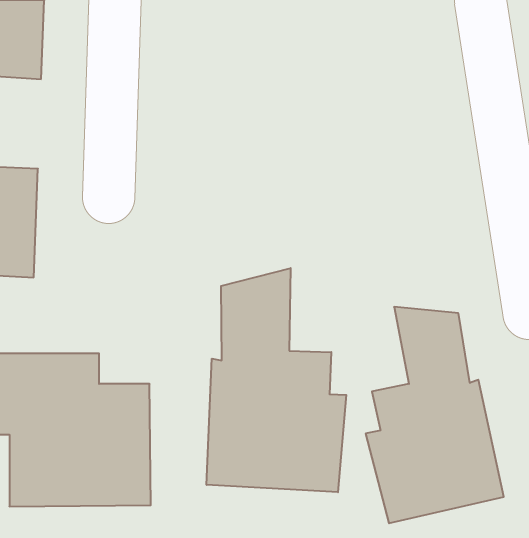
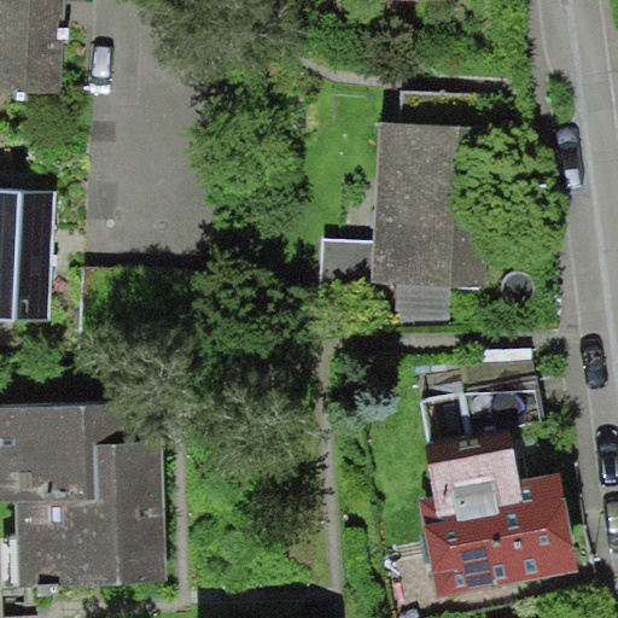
building: none -> [310,95,490,330]
building: [207,268,346,492] -> none

